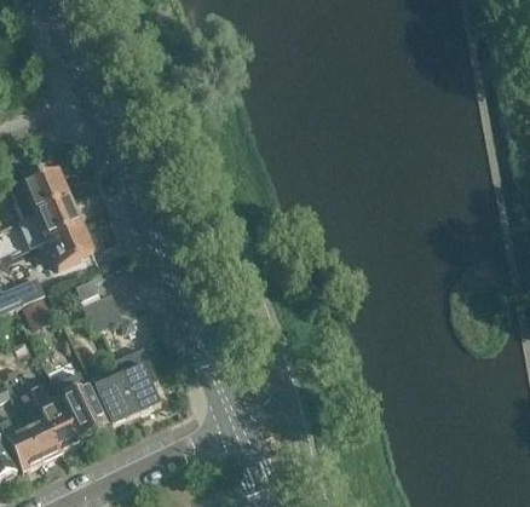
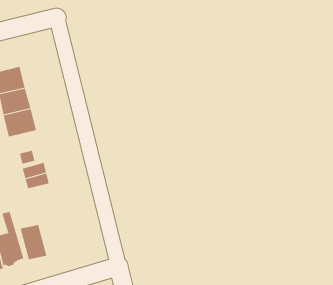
building: [111,345,160,415] -> none

